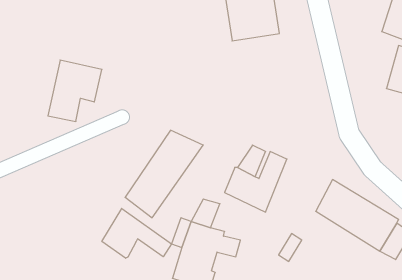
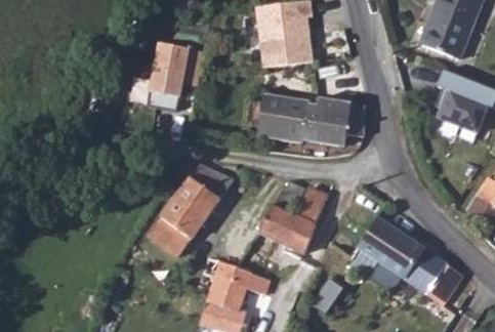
building: [48,60,102,121] -> [148,37,207,105]
building: none -> [254,91,364,143]
building: [102,208,172,258] -> none

